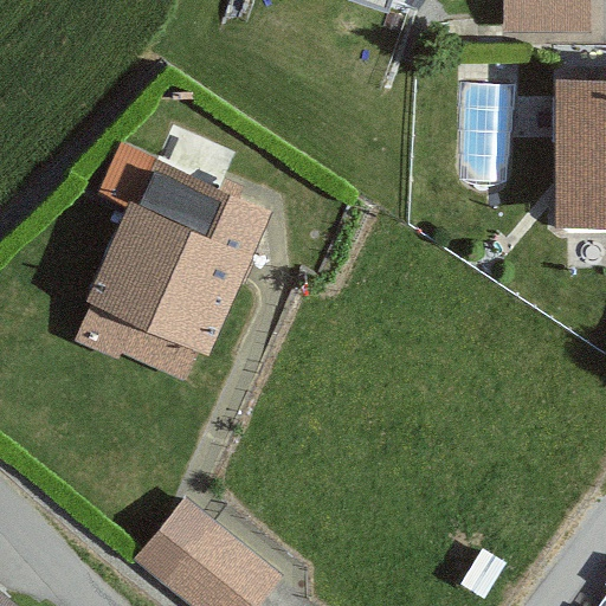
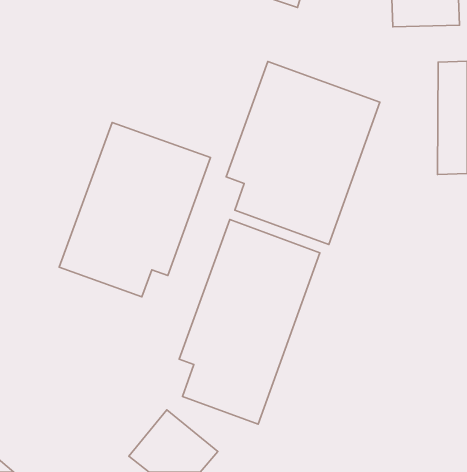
building: none -> [226,61,380,245]
building: none -> [179,220,320,424]

